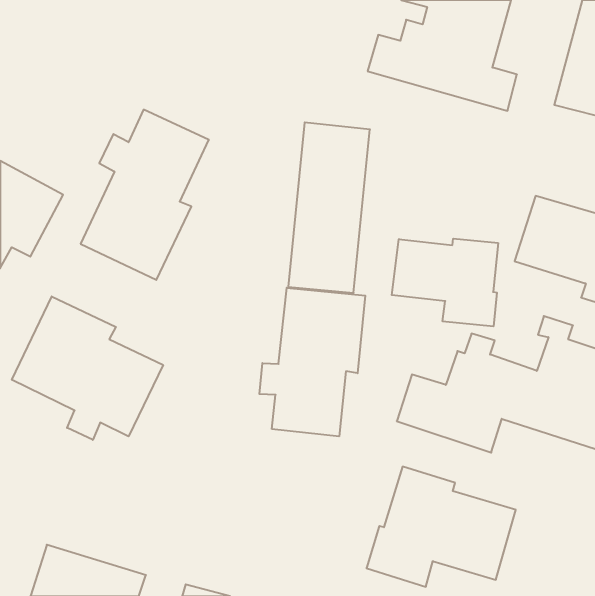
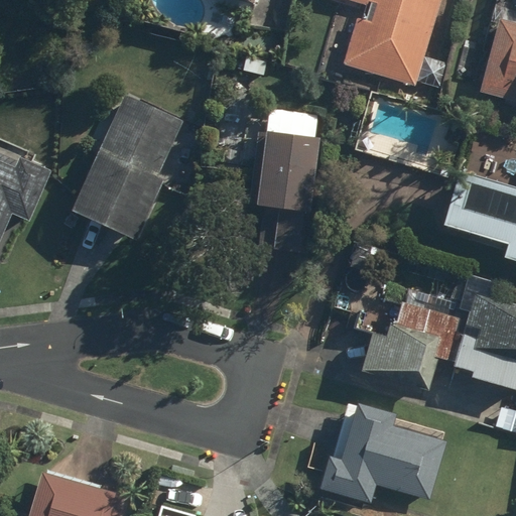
building: [392,239,498,326] -> none
building: [259,288,365,436] -> none
building: [12,296,163,440] -> none

